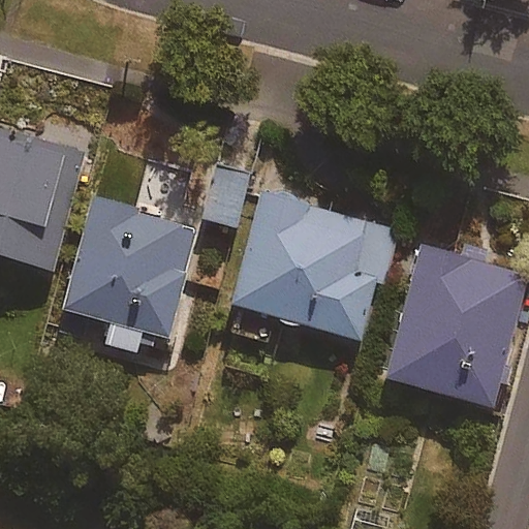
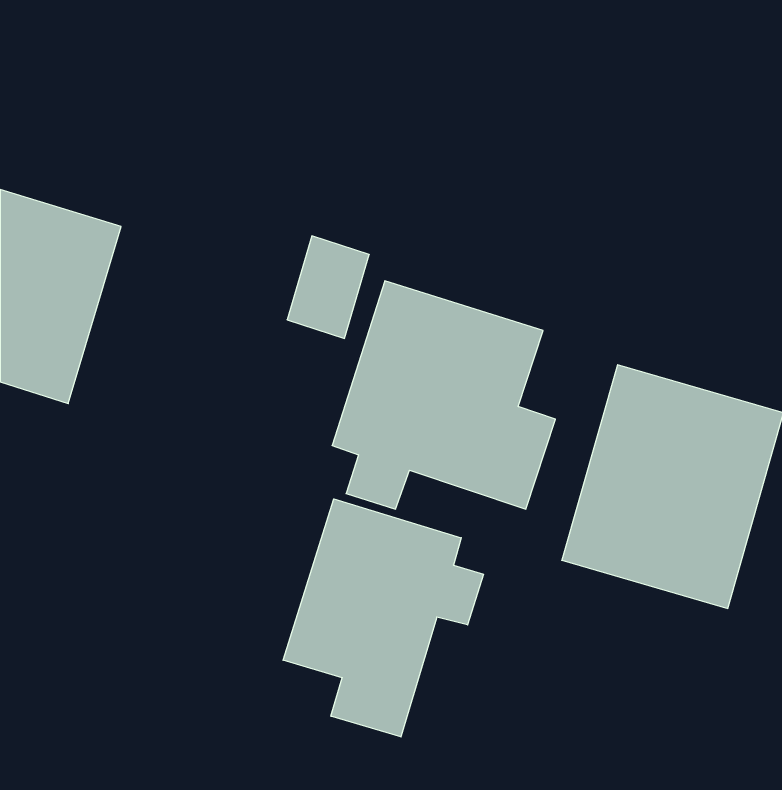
building: [58,197,200,351] -> none
building: none -> [283,499,484,737]

